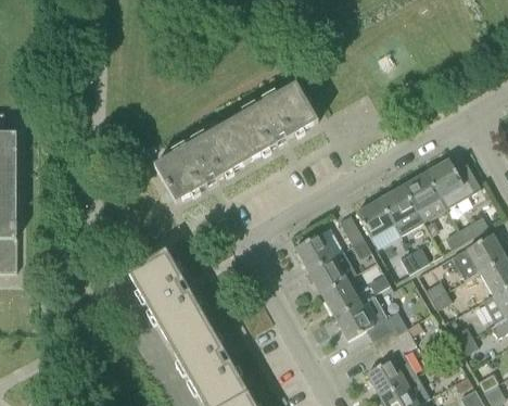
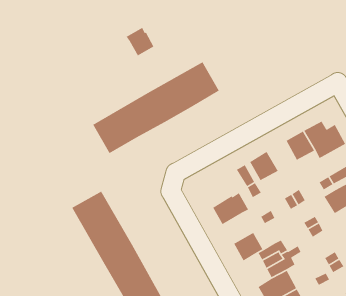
building: none -> [126,27,154,57]
building: [379,185,423,234] -> none
building: [295,232,333,270] -> none
building: [321,278,361,317] -> none

